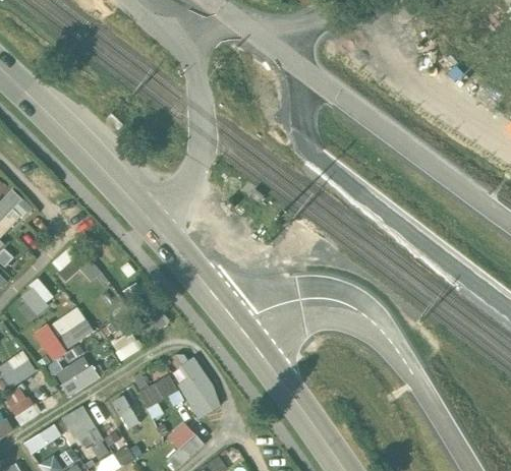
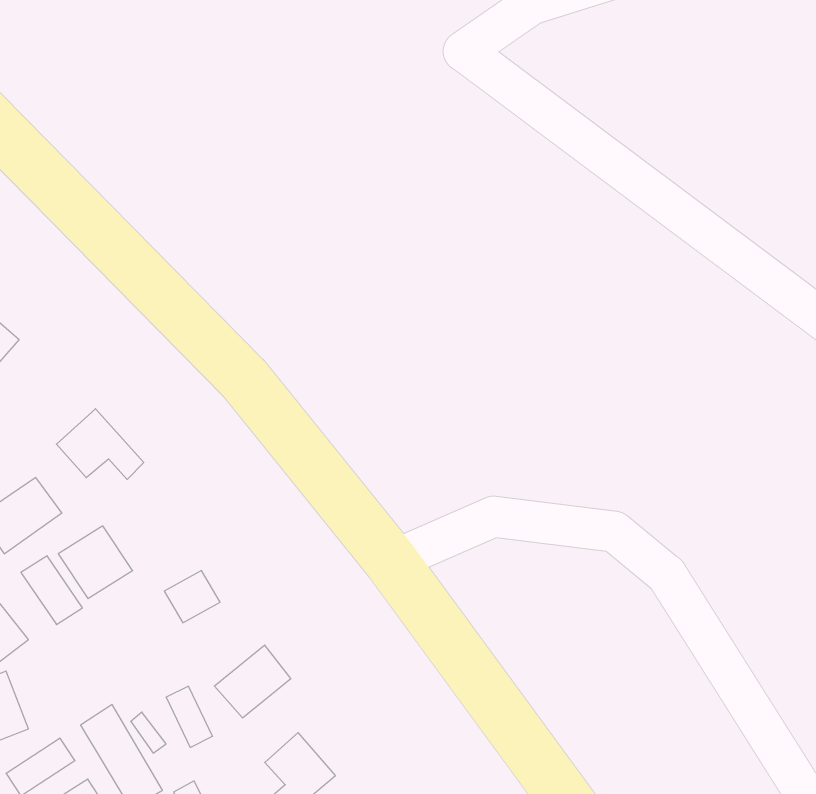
building: [54,355,98,398] -> none
building: [176,356,221,418] -> none

